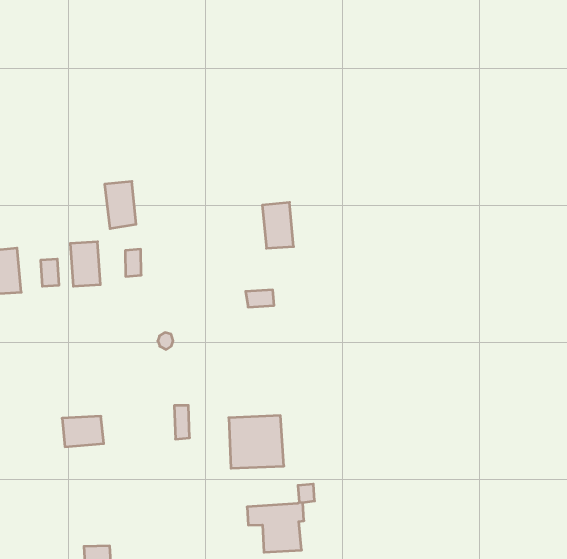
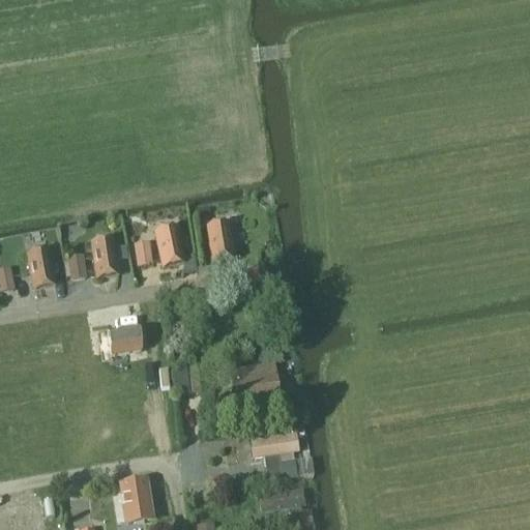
building: [105,181,136,229] -> [156,224,184,263]
building: [262,202,294,248] -> [207,219,235,258]
building: [62,416,104,447] -> [109,325,144,352]

